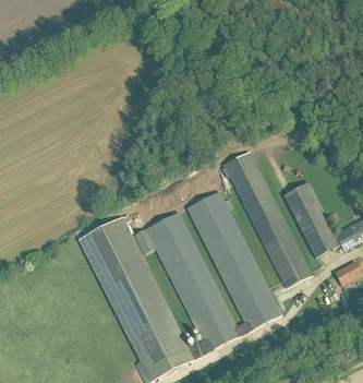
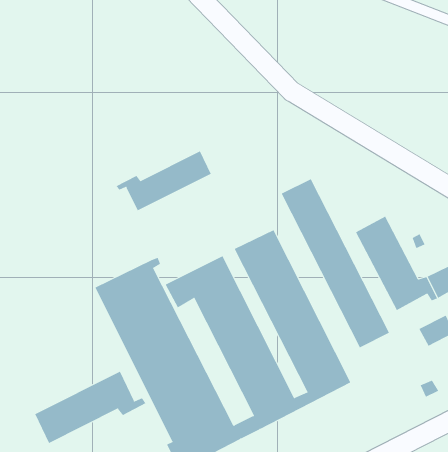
building: none -> [116,150,212,211]
building: none -> [34,371,146,444]

